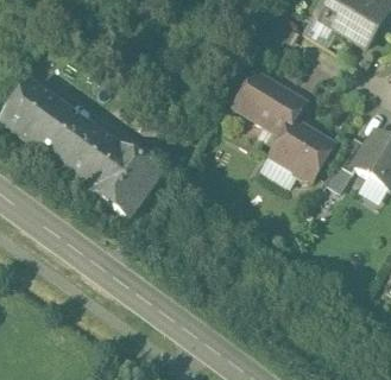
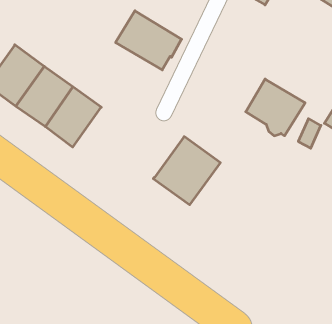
building: [234,71,303,133] -> [116,11,182,70]
building: [89,147,159,218] -> [153,137,220,205]

